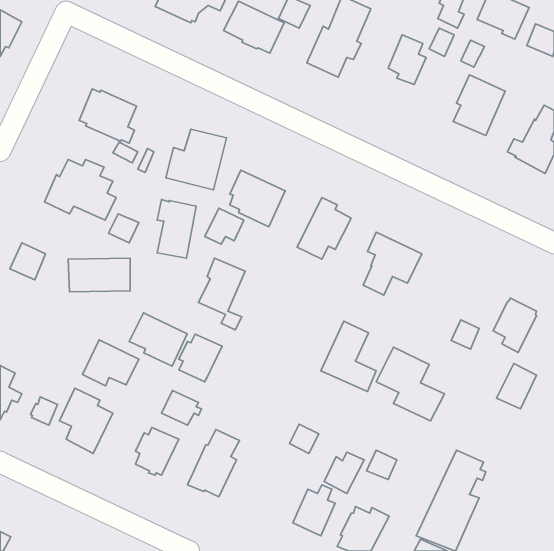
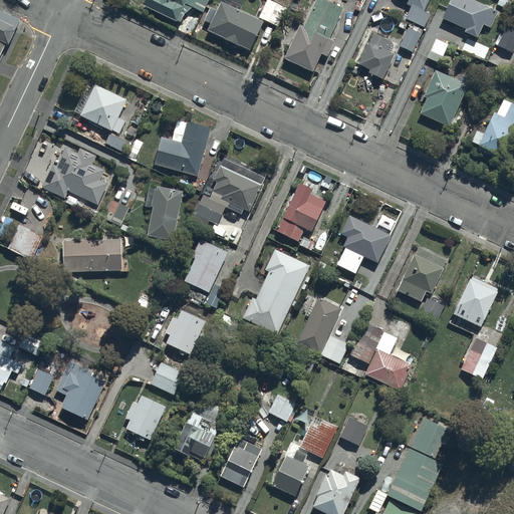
building: none -> [397,246,447,300]
building: none -> [243,248,309,333]
building: [129,313,187,366] -> none
building: [82,340,139,386] -> none
building: none -> [220,437,261,486]

